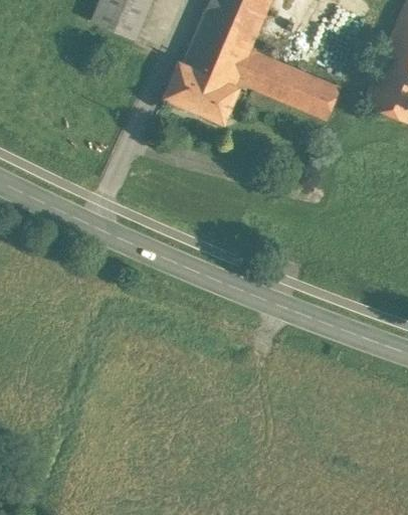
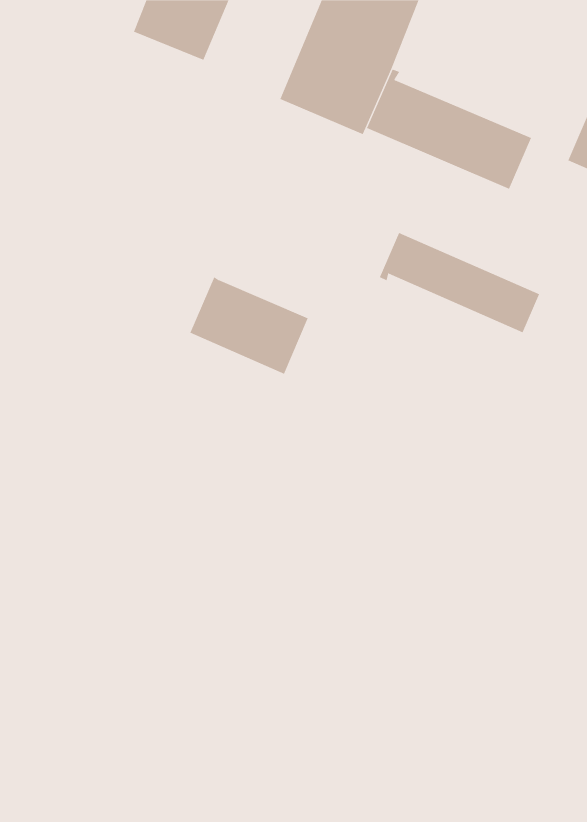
building: [165,60,239,122] -> [190,276,309,375]
building: none -> [379,232,540,333]

